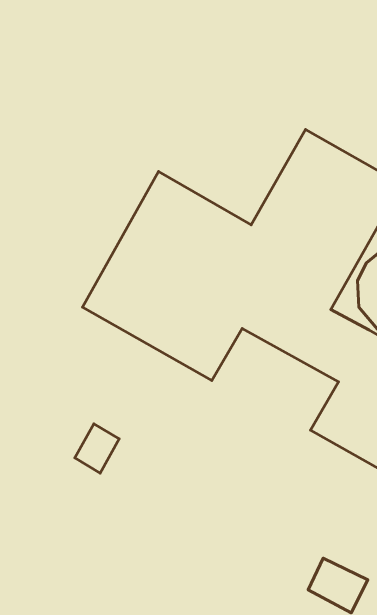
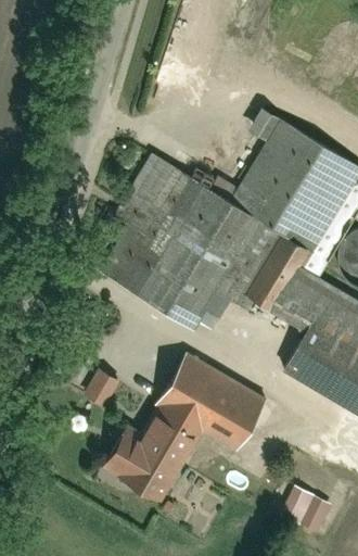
building: none -> [102,346,271,507]

